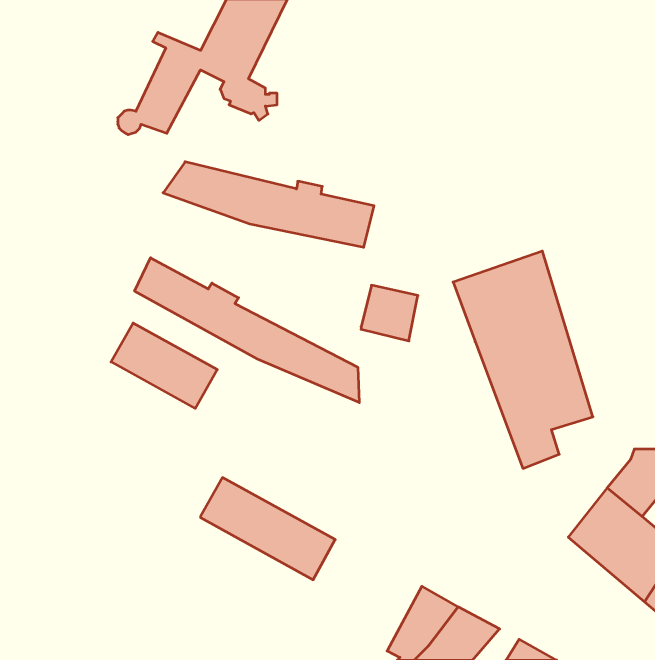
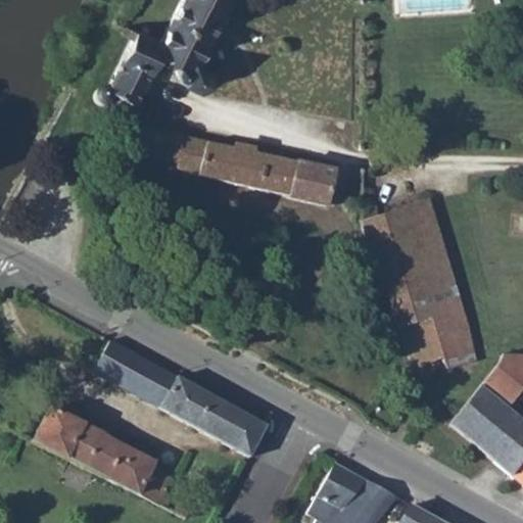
building: [135,258,359,403] -> none
building: [361,285,418,341] -> [292,162,337,206]
building: [111,323,217,408] -> [97,340,181,408]
building: none -> [37,409,179,507]

